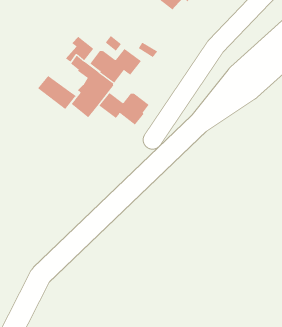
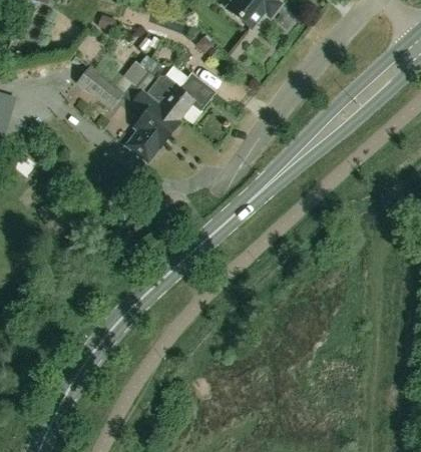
building: [37,75,77,110] -> [75,66,124,109]
building: [98,92,149,125] -> none

